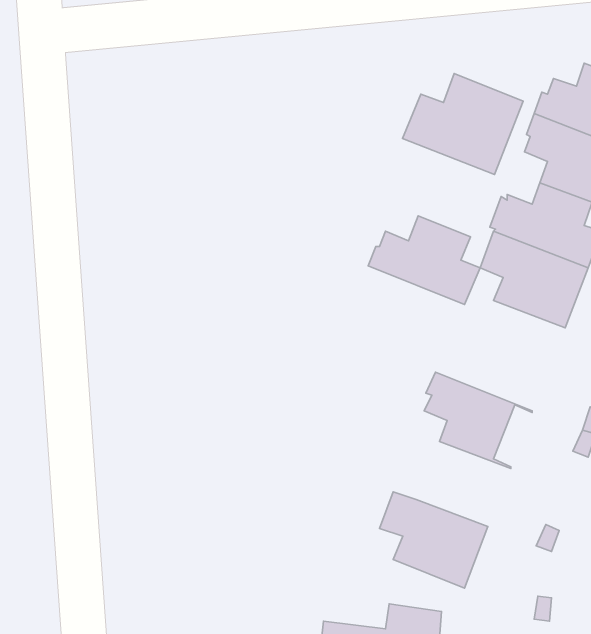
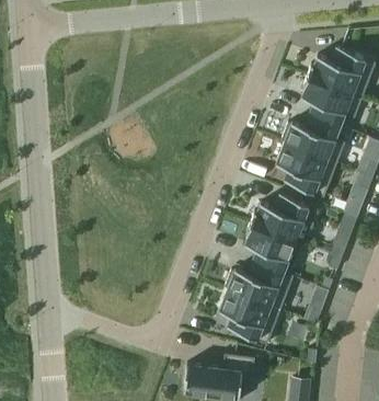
building: [403,74,523,174] -> none
building: [368,216,480,305] -> [250,192,313,242]
building: none -> [223,260,292,308]

